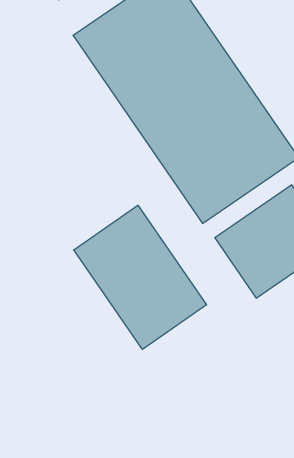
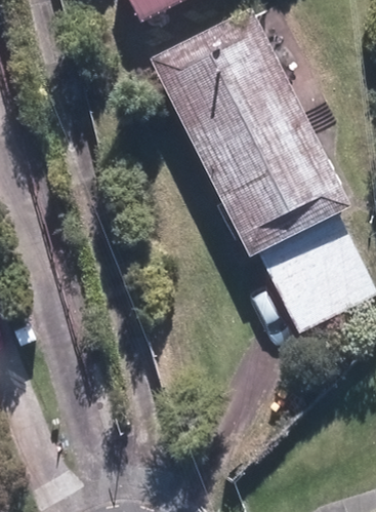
building: [74,205,207,349] -> none

